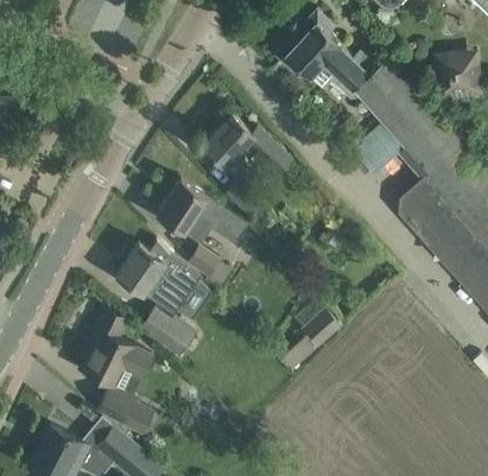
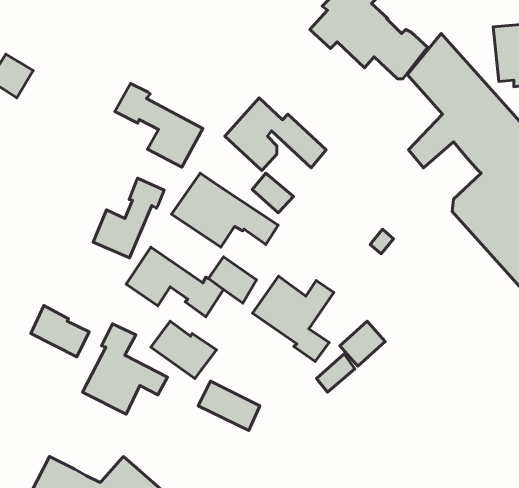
building: none -> [115,83,203,167]
building: none -> [93,178,164,258]
building: none -> [253,276,334,362]
building: none -> [31,305,89,357]
building: [100,391,153,433] -> [198,381,260,430]

